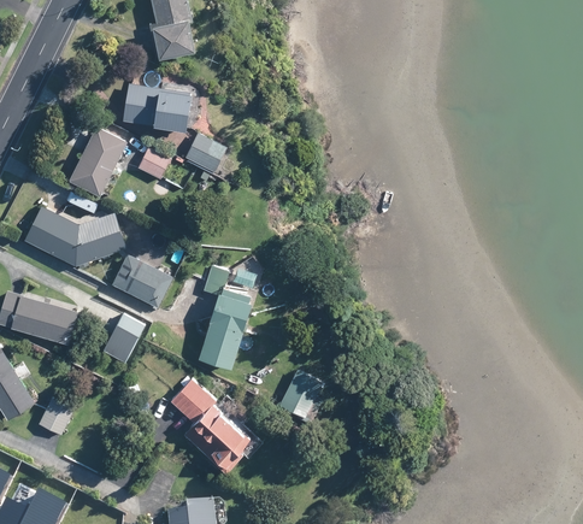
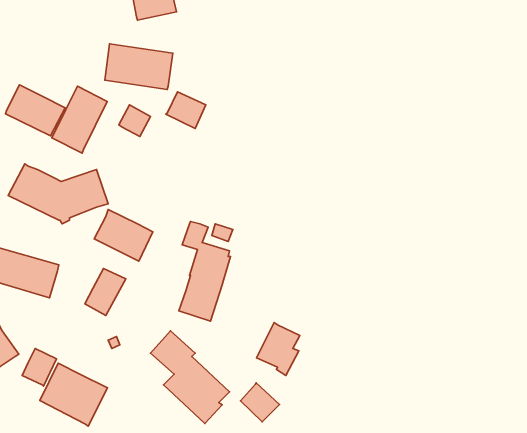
building: none -> [5,85,65,136]
building: none -> [40,363,107,426]
building: none -> [240,383,279,422]

